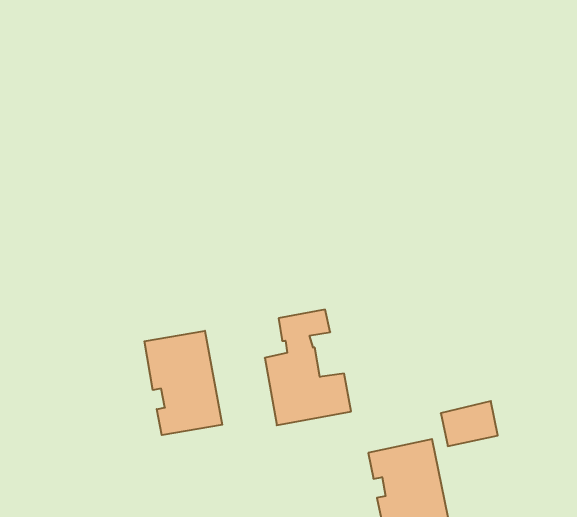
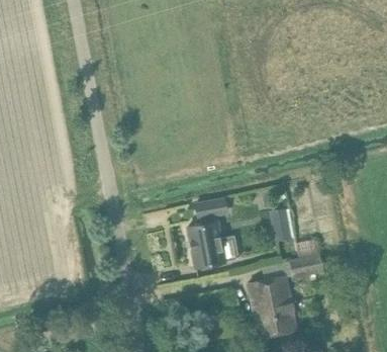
building: none -> [267,206,289,241]
building: [144,331,222,435] -> none

